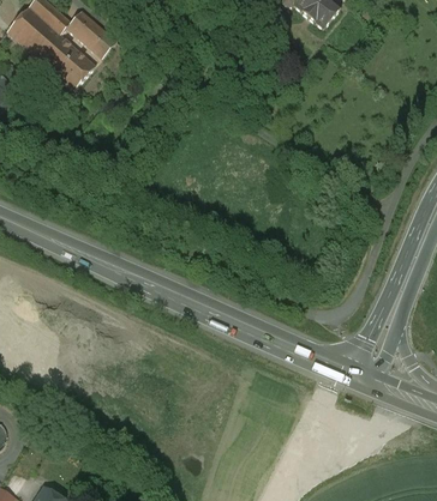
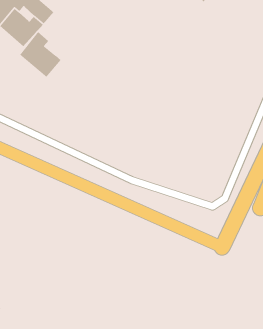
building: none -> [19,31,62,78]

